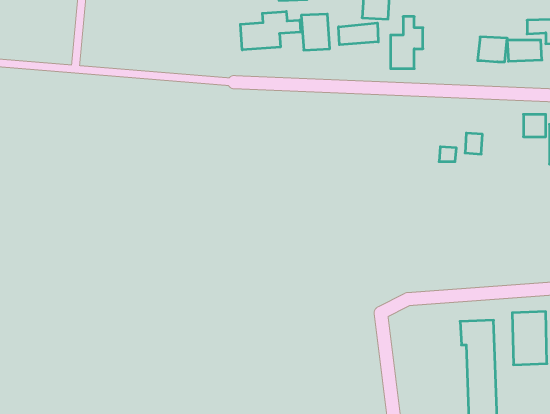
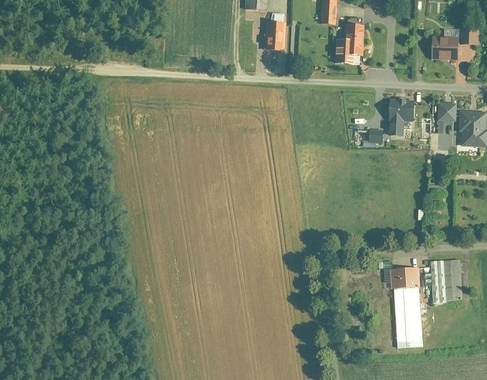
building: [240,11,301,50] -> none
building: [339,23,378,45] -> none
building: [478,37,507,62] -> [392,97,416,117]

